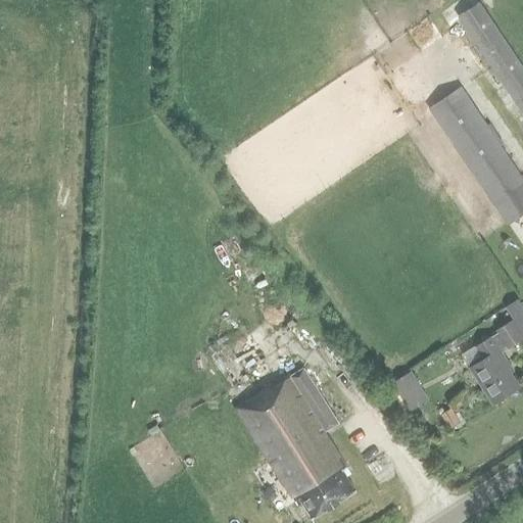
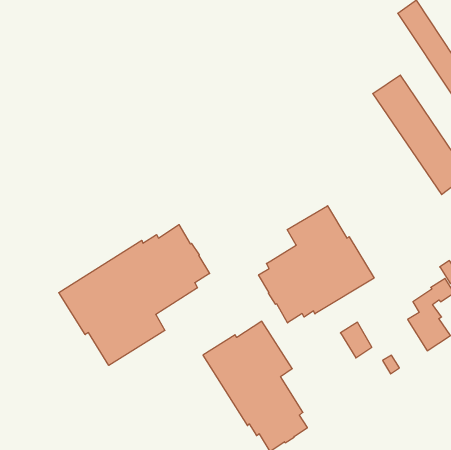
building: none -> [259,206,374,323]
building: none -> [59,225,210,365]

